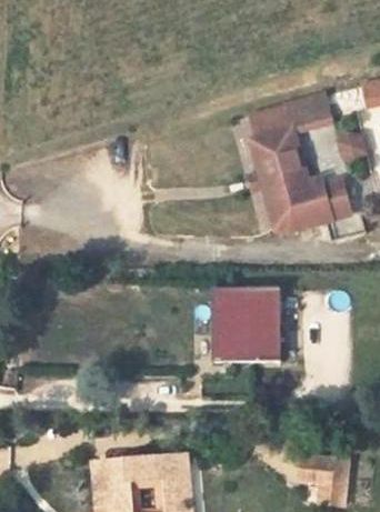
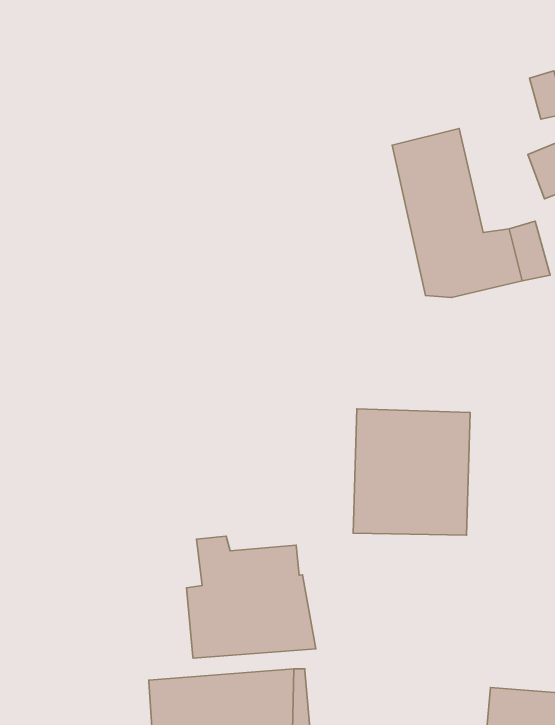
building: [278,93,326,127] -> none
building: none -> [187,536,316,658]

